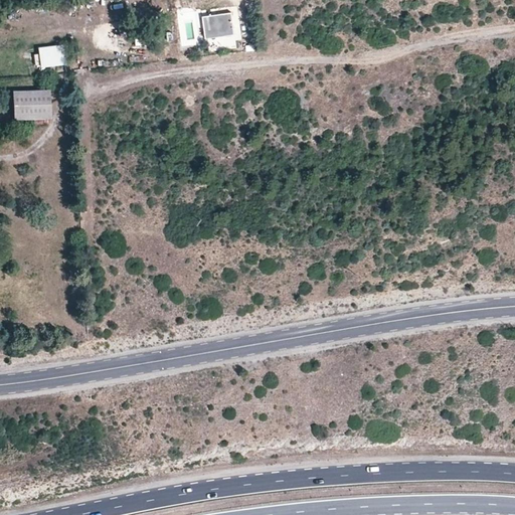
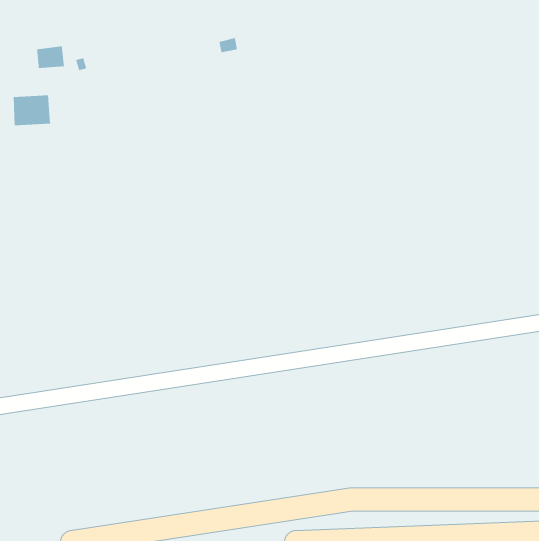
building: [201,11,229,37] -> none

